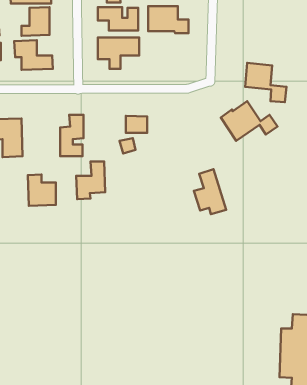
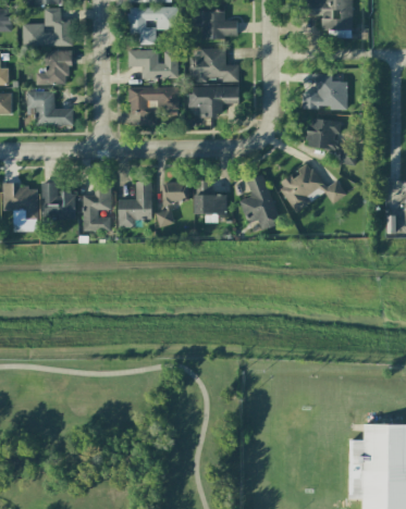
building: none -> [303,75,347,110]
building: none -> [188,86,238,116]
building: none -> [196,181,226,223]
building: [76,162,105,199] -> [118,182,152,227]
building: [194,169,226,214] -> [239,174,279,228]
building: [28,174,56,206] -> [41,182,75,220]

